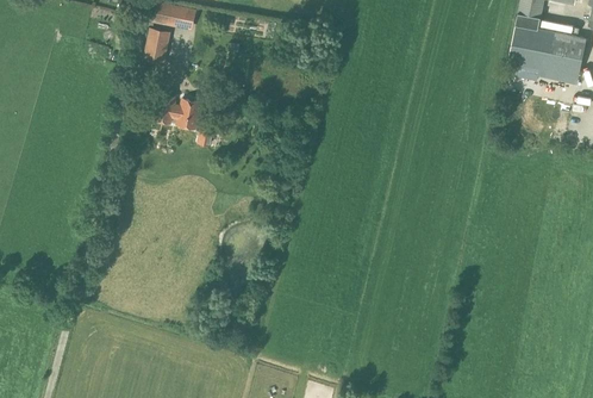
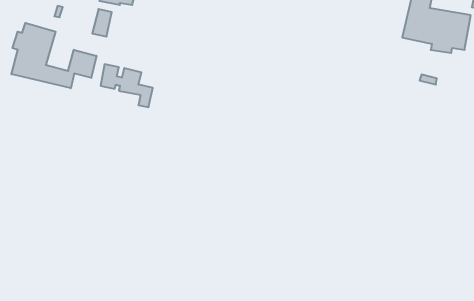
building: none -> [11,23,96,88]

